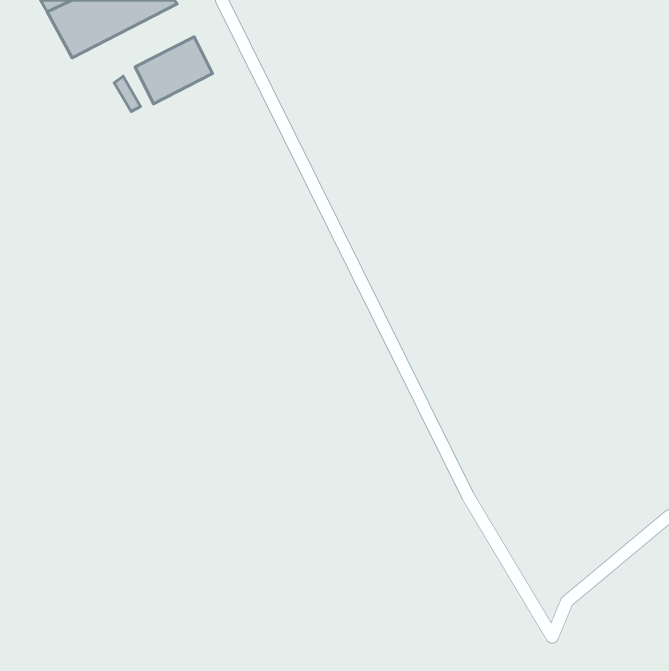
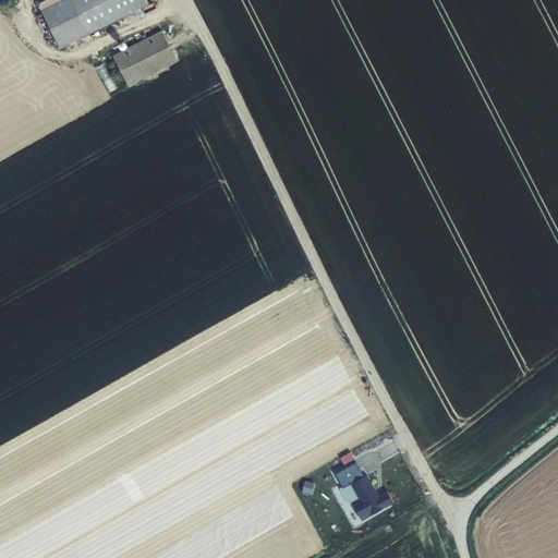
building: none -> [335,463,393,521]

